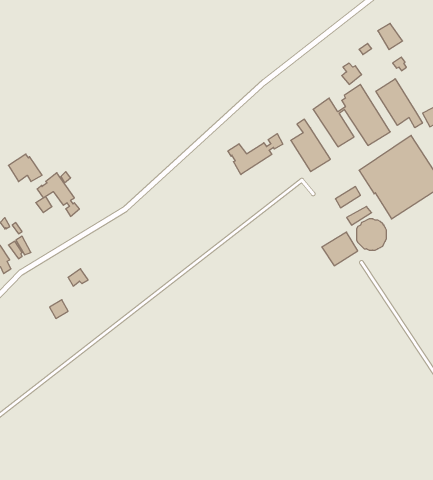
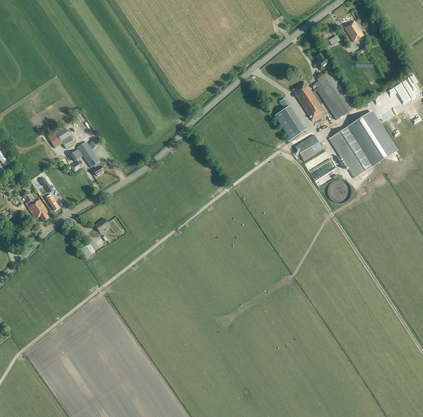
building: [376,79,422,128] -> none
building: [228,134,283,175] -> none
building: [322,232,358,266] -> [294,134,323,161]

